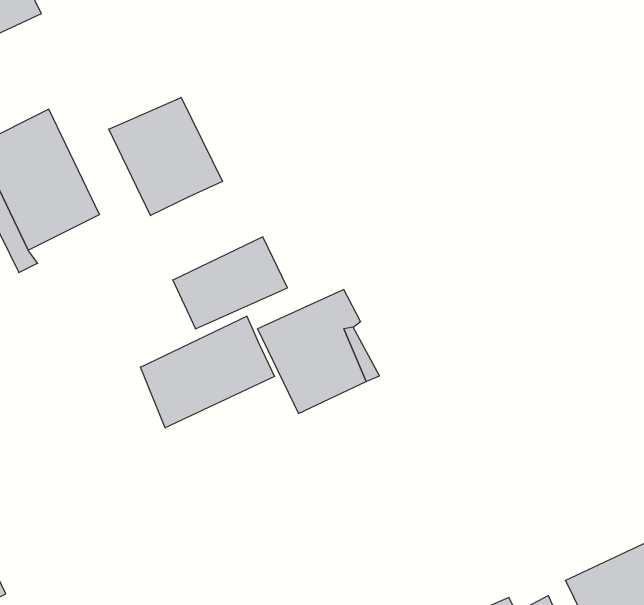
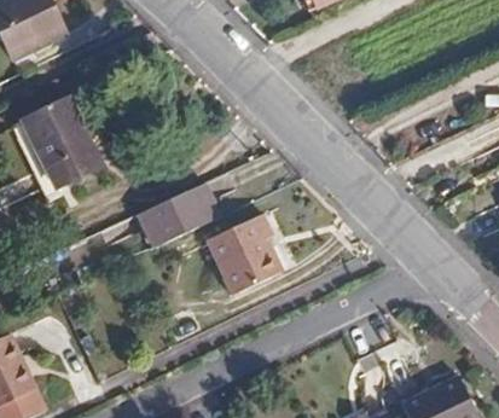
building: [109,97,222,216] -> none
building: [140,316,274,428] -> none

